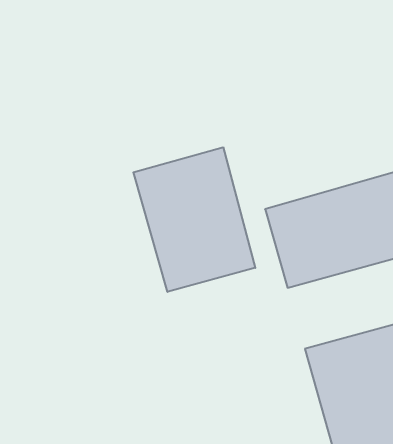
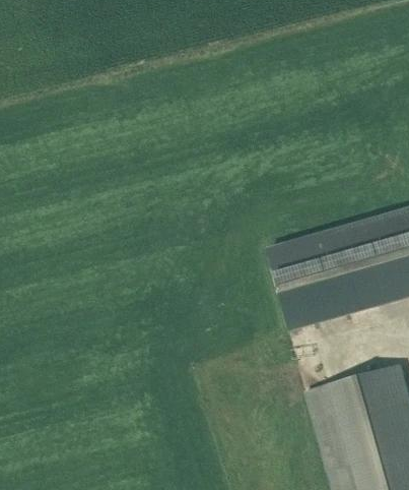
building: [133,147,255,292] -> none

